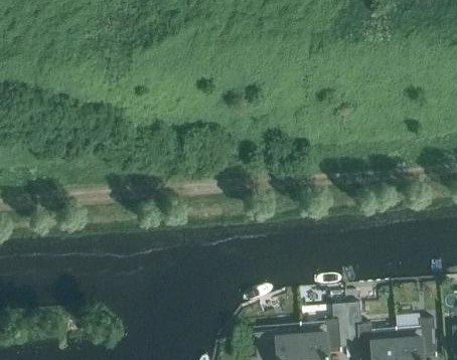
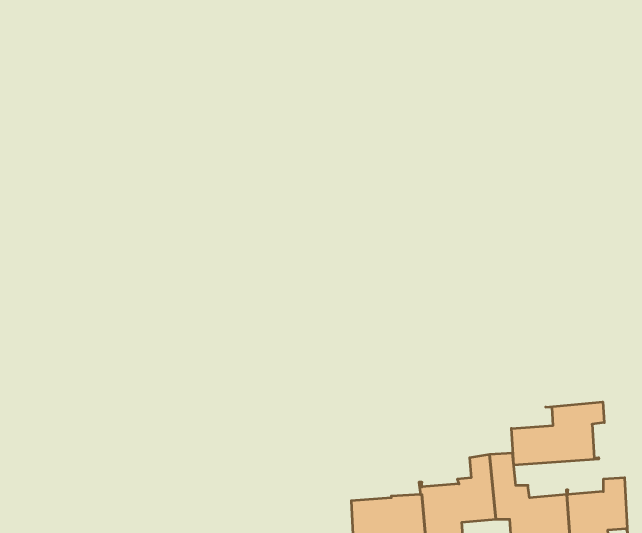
building: none -> [511,402,604,465]

